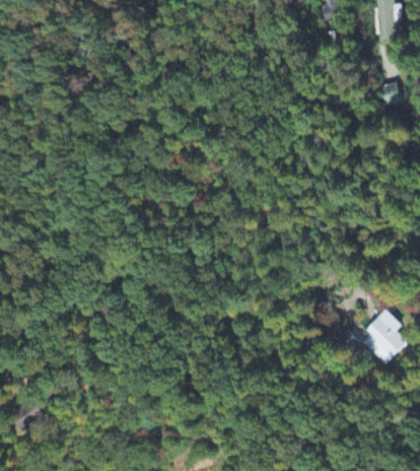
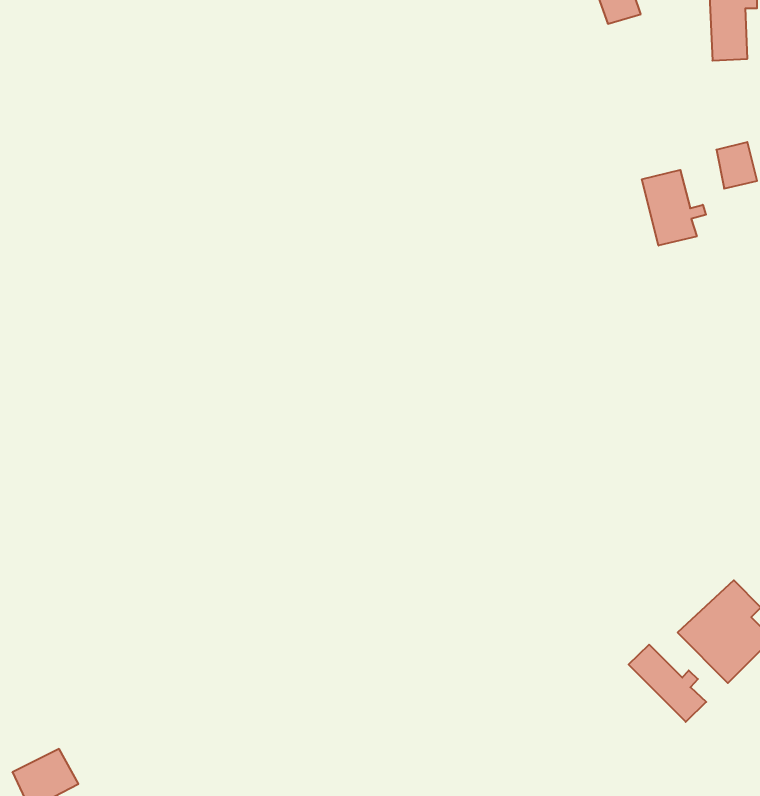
building: none -> [642,170,706,246]
building: none -> [629,645,706,722]

